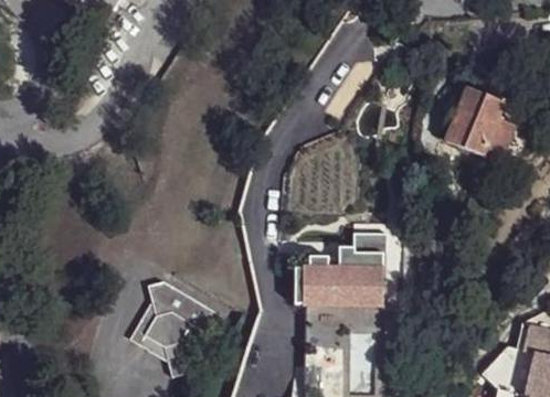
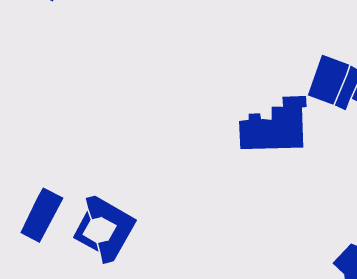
building: [293,235,387,308] -> [238,96,308,150]
building: none -> [19,186,65,244]

